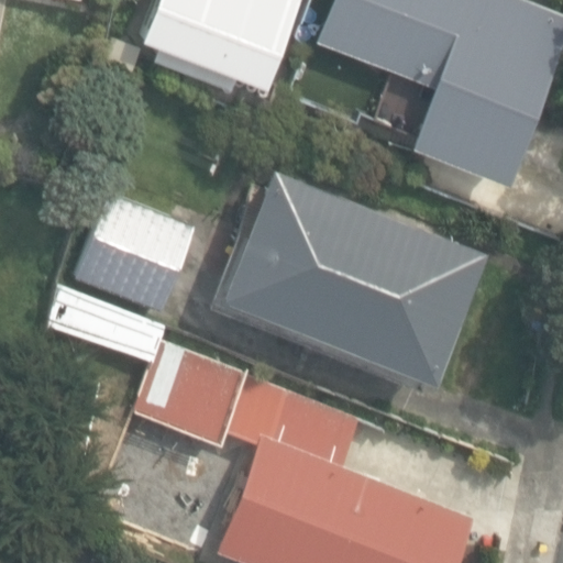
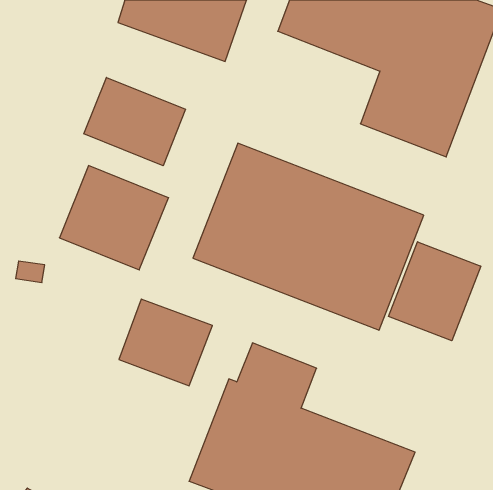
building: none -> [84,77,186,166]
building: none -> [389,242,481,341]

